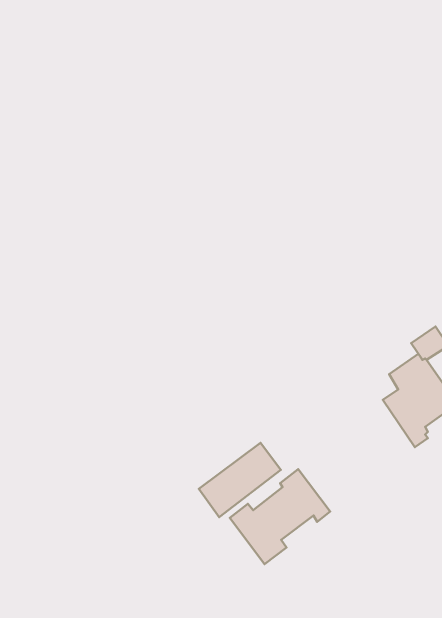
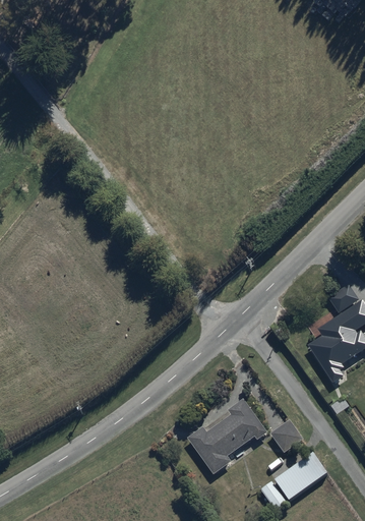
building: [199,443,281,517] -> [260,452,325,511]
building: none -> [271,418,304,451]

